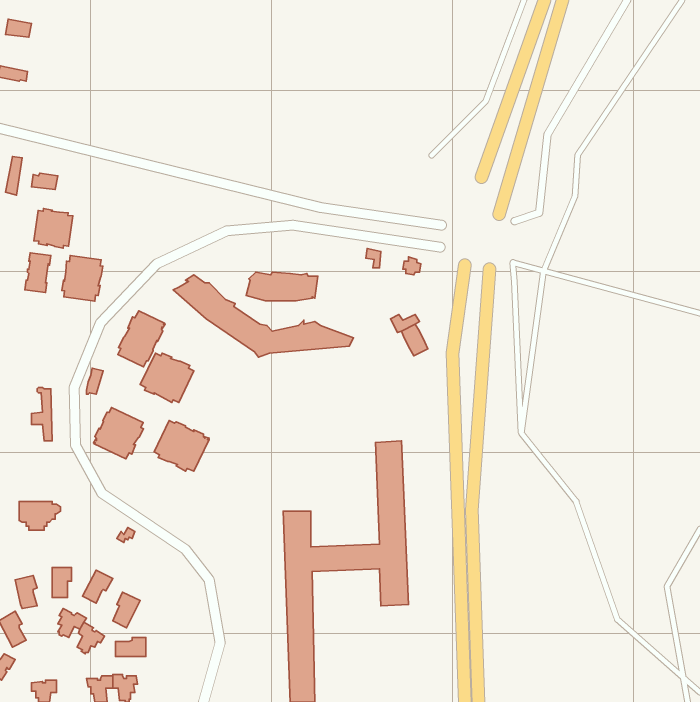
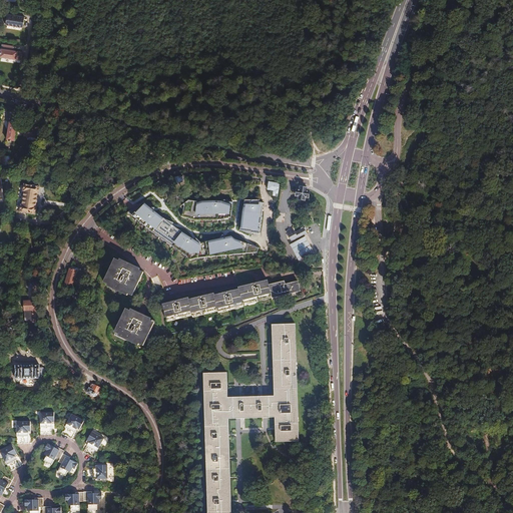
building: [34,209,73,248] -> none
building: [62,255,103,301] -> none
building: none -> [238,198,263,233]
building: [118,311,165,367] -> none
building: none -> [160,280,299,317]
building: [93,407,144,459] -> none

